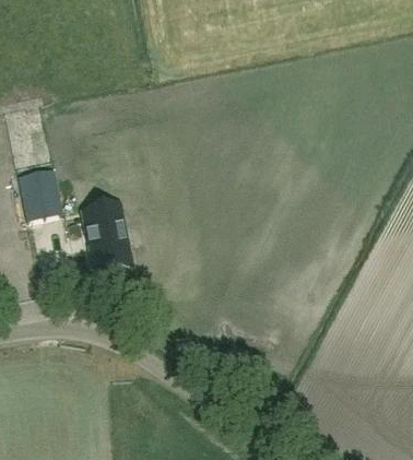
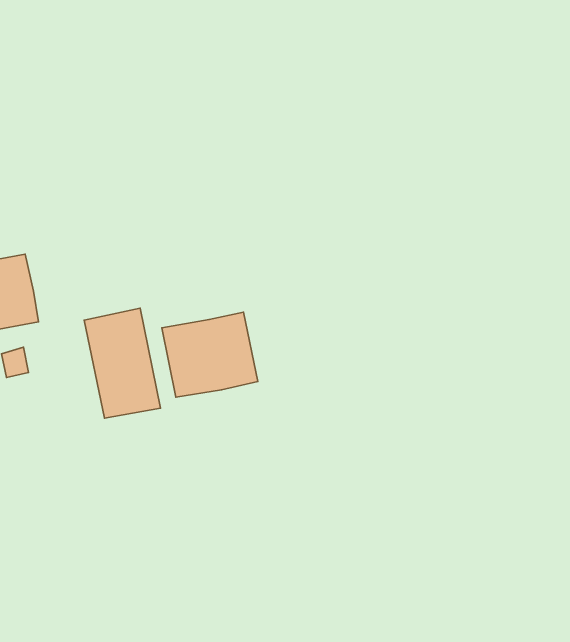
building: none -> [162,312,258,397]

